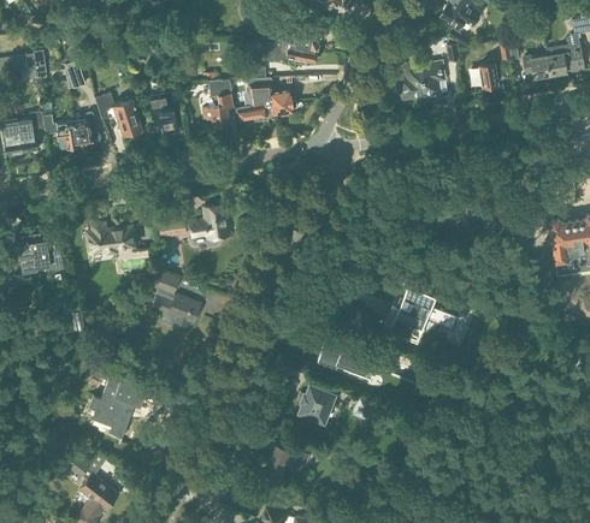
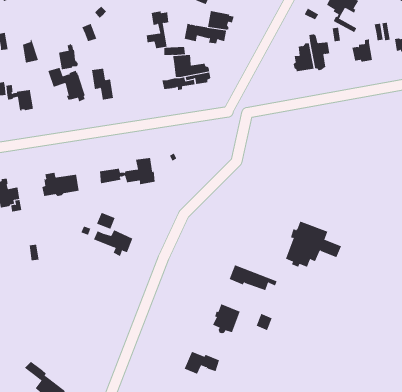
building: [202,79,231,126] -> [146,11,169,49]
building: [75,113,100,145] -> [58,44,79,70]
building: [88,373,148,444] -> none

